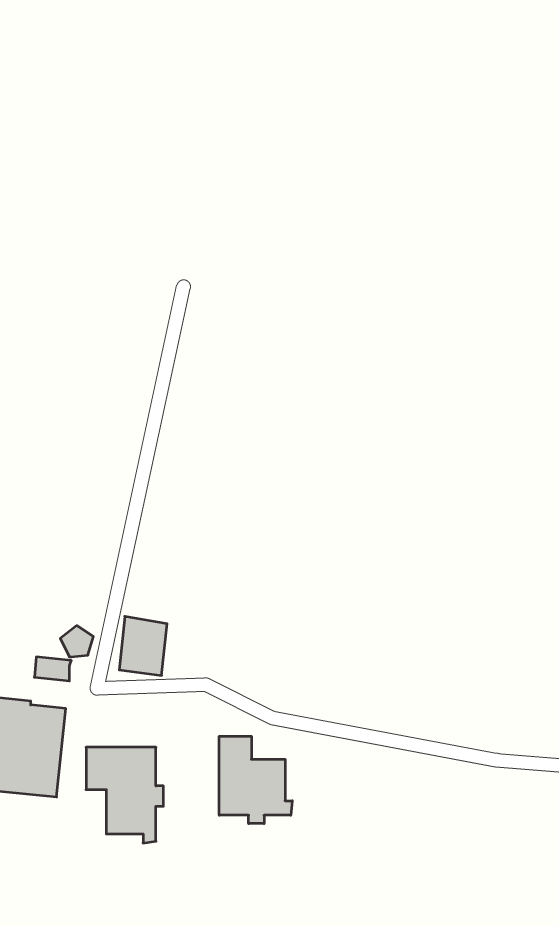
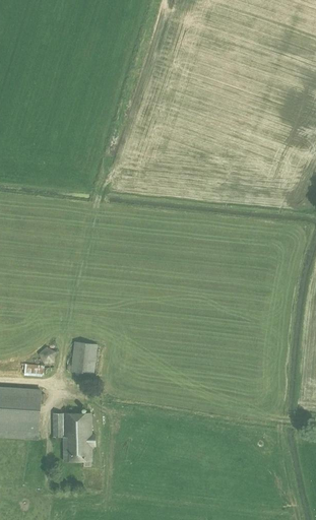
building: [219,736,292,824] -> none

